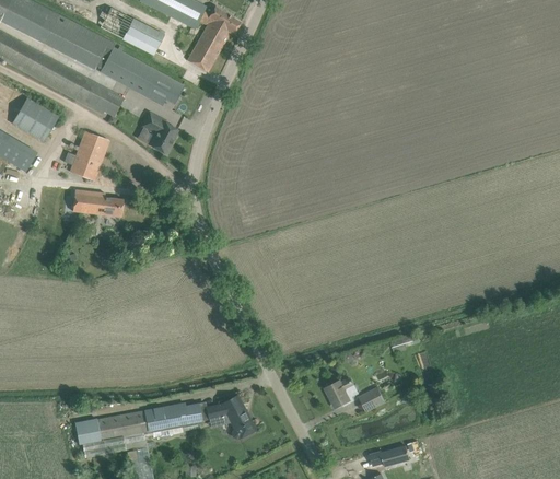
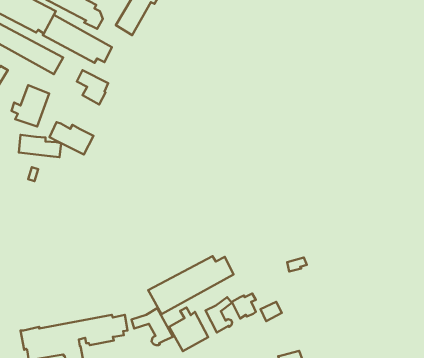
building: none -> [49,122,93,155]
building: none -> [148,256,234,314]
building: none -> [206,297,232,333]
building: none -> [169,308,208,351]

